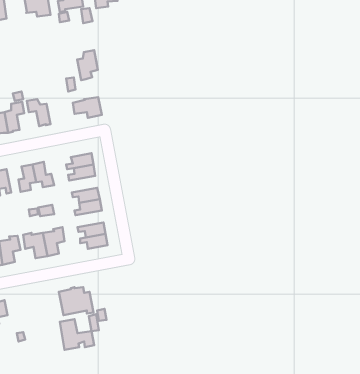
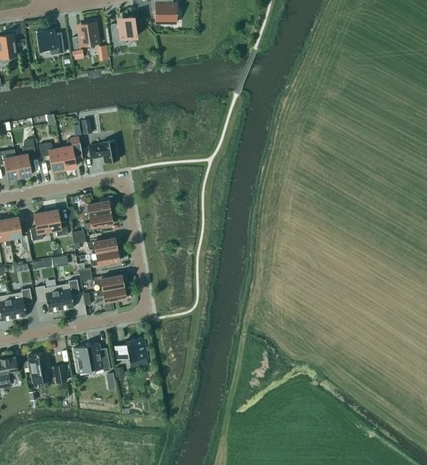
building: [77,50,98,80] -> [60,137,82,169]
building: none -> [114,337,146,360]
building: [60,319,94,350] -> [29,352,66,385]

